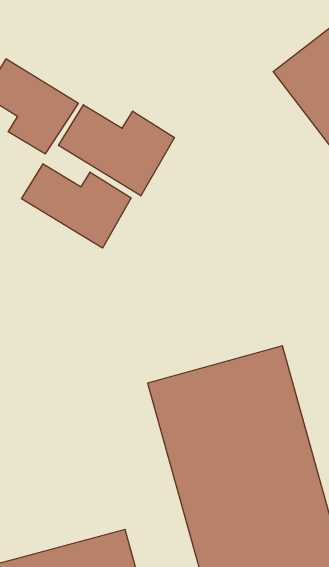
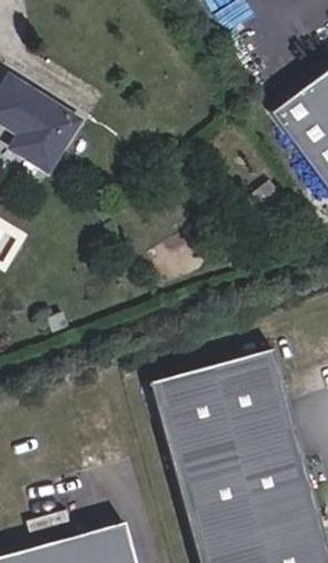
building: [59,105,174,196] -> none
building: [22,164,131,248] -> none

